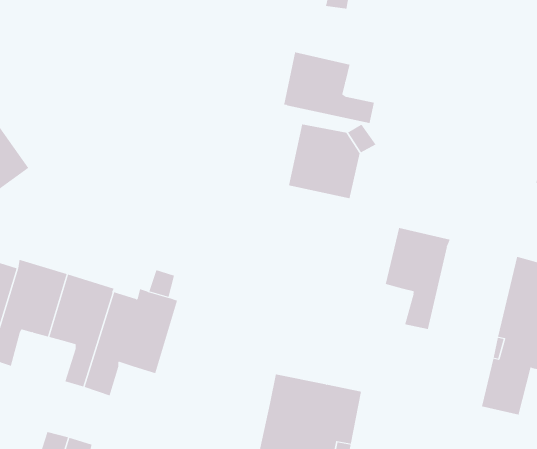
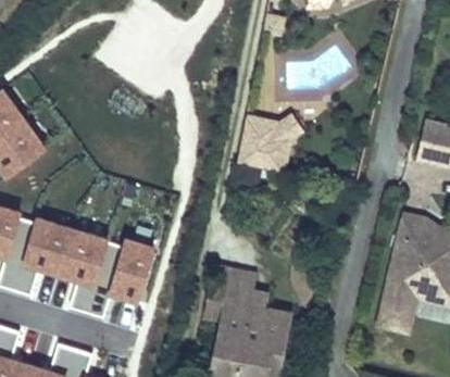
building: [283,52,375,124] -> none
building: [385,227,450,330] -> none
building: none -> [204,267,267,323]

